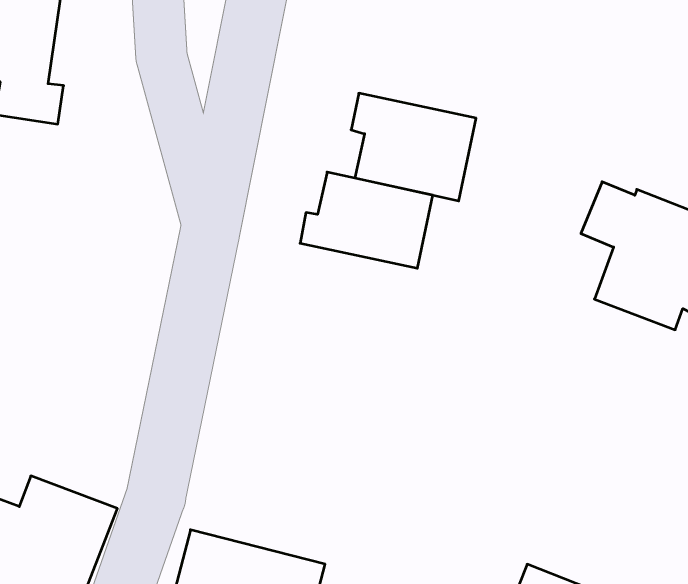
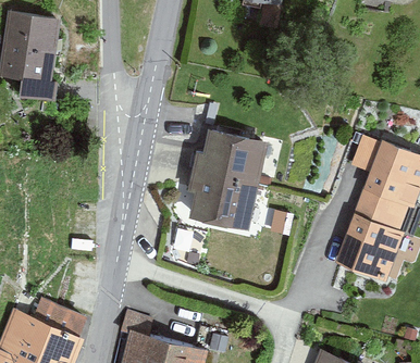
building: [351,93,476,201] -> [187,168,258,229]
building: none -> [333,200,404,281]

